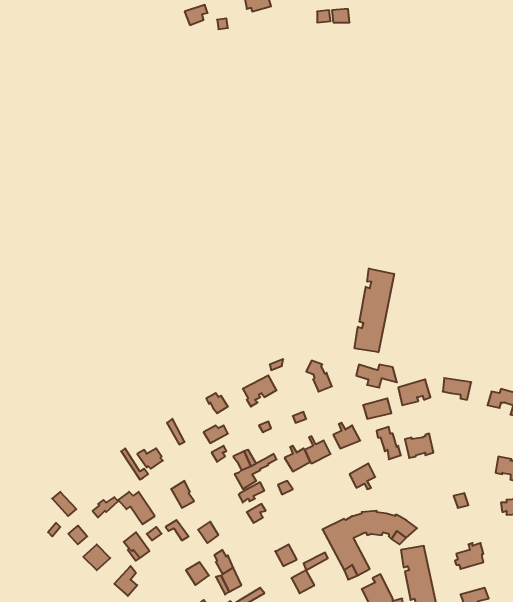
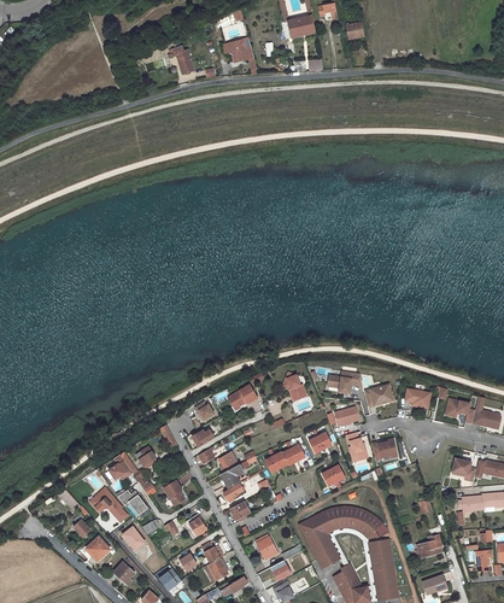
building: [355,268,394,352] -> none

